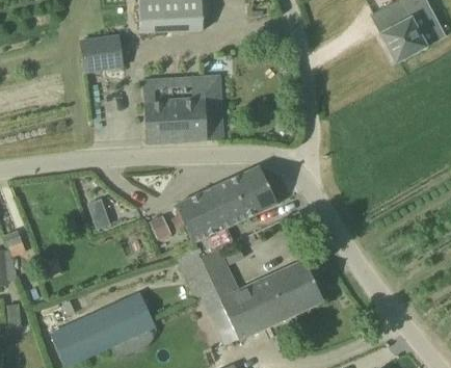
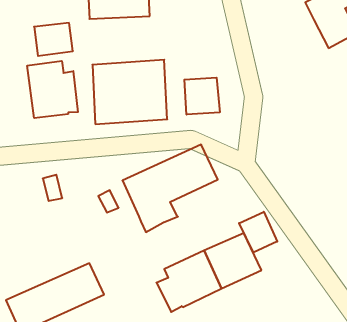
building: none -> [27,61,78,118]
building: none -> [184,78,220,115]
building: none -> [239,212,277,252]
building: [177,247,237,297] -> none

